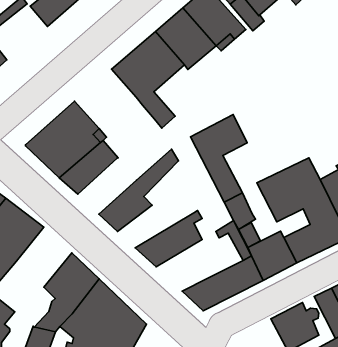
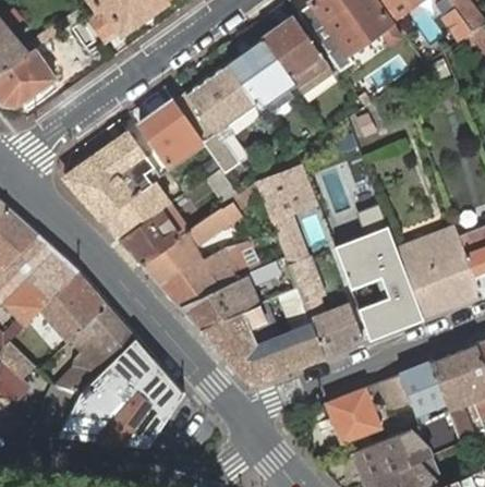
building: none -> [140,100,197,150]
building: none -> [120,203,189,265]
building: none -> [161,240,254,307]
building: none -> [43,273,107,342]
building: none -> [202,302,270,362]

